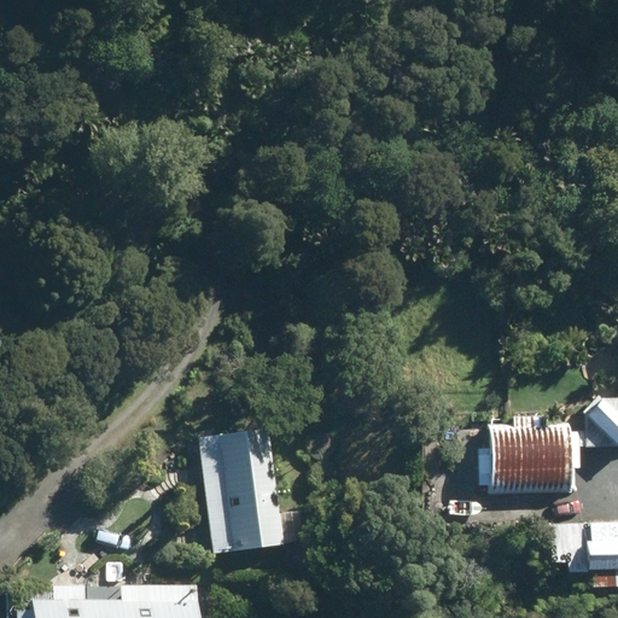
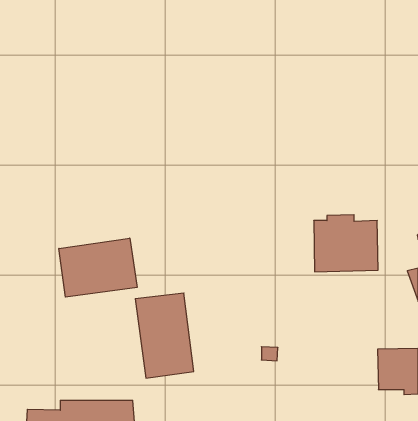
building: none -> [59,238,137,297]
building: [490,407,584,490] -> [314,215,378,272]

